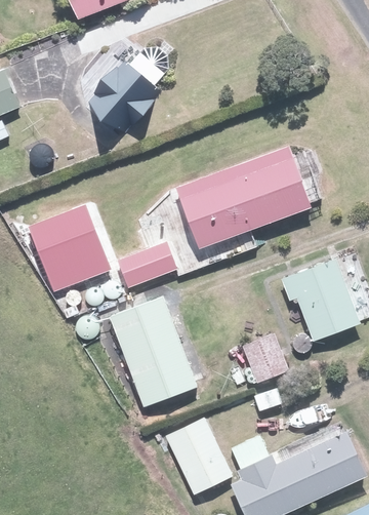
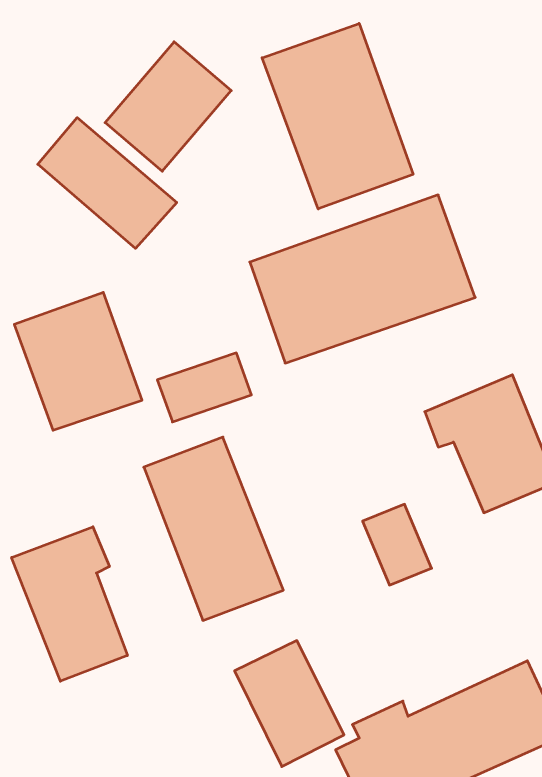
building: none -> [262,23,413,209]
building: none -> [38,118,177,248]
building: none -> [12,527,127,681]

